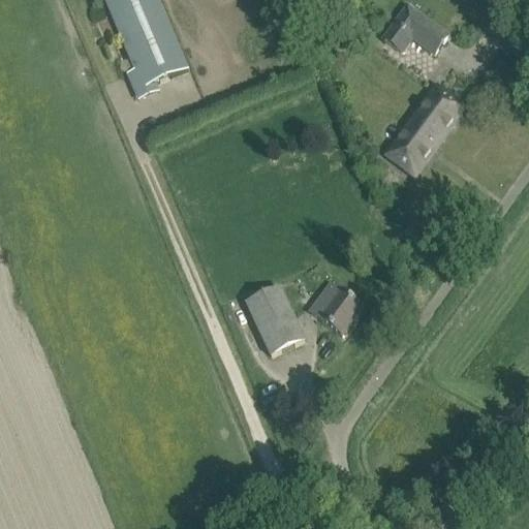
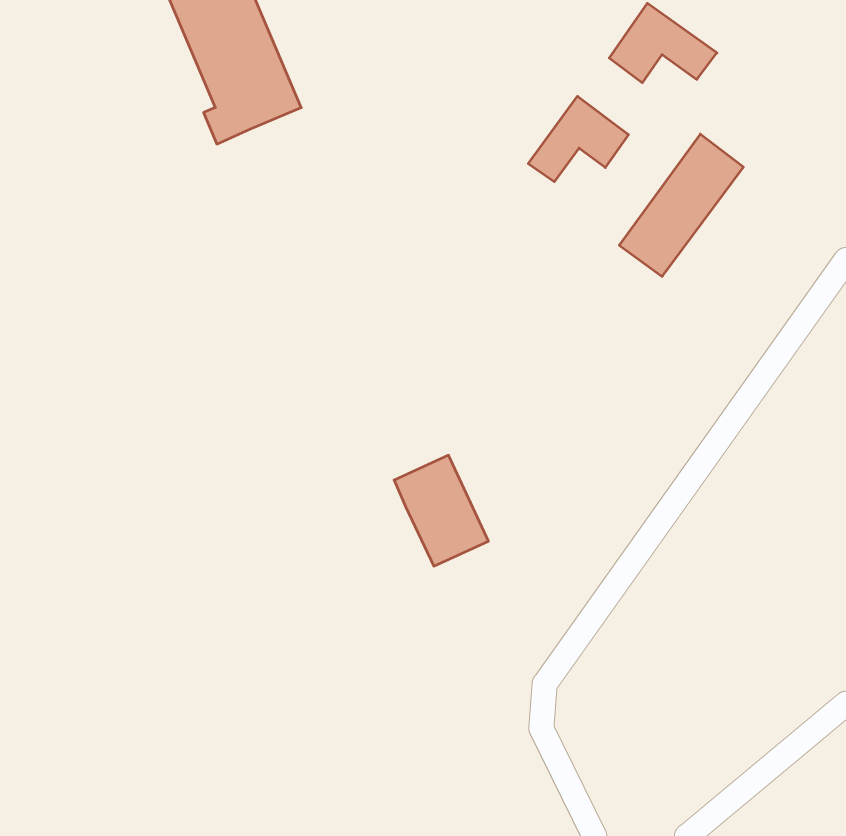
building: none -> [528,96,628,182]
building: [320,282,363,333] -> none

